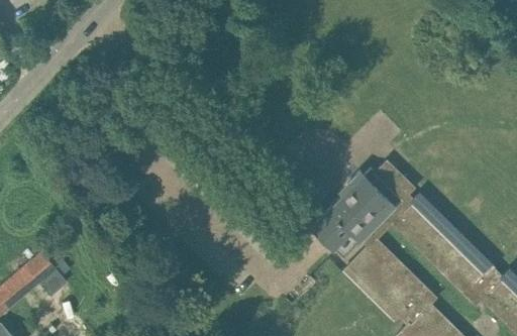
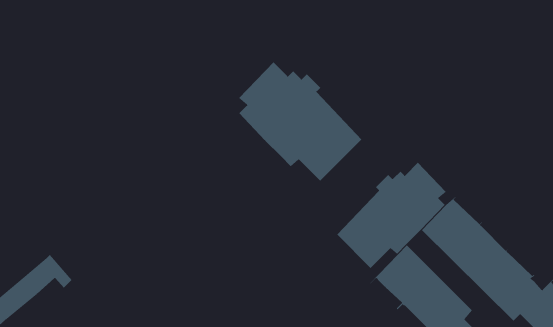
building: none -> [238,62,362,182]

